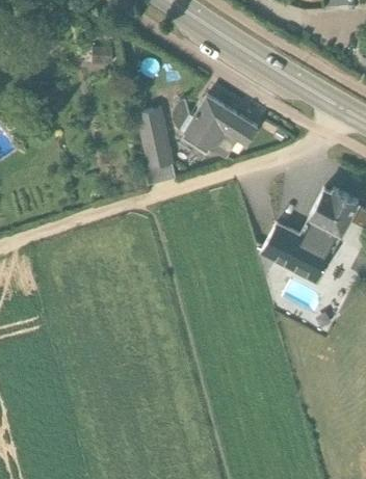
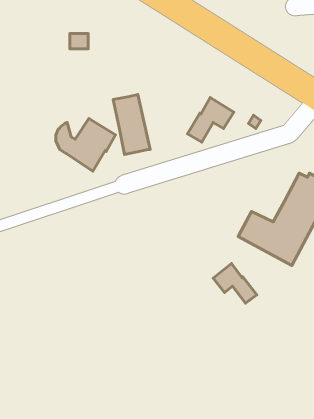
building: [174,95,234,148] -> [56,118,116,171]
building: none -> [213,264,257,303]

